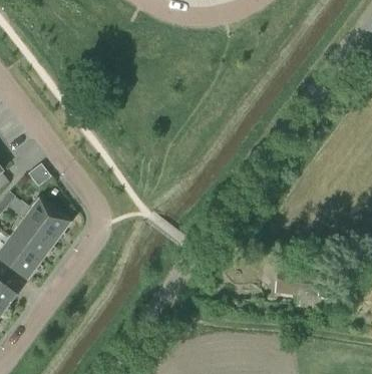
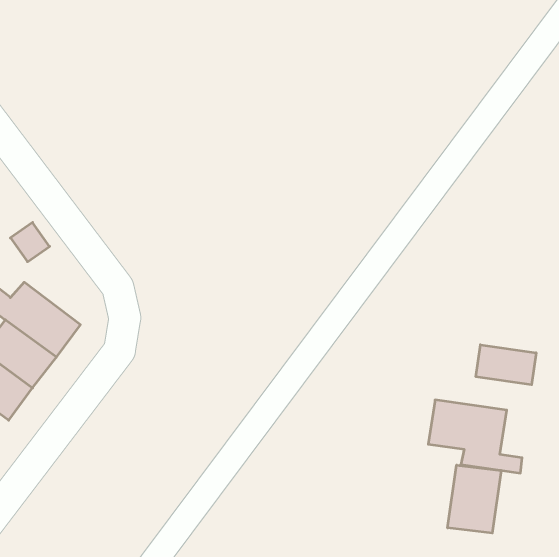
building: none -> [476,345,536,385]
building: none -> [448,465,501,533]

